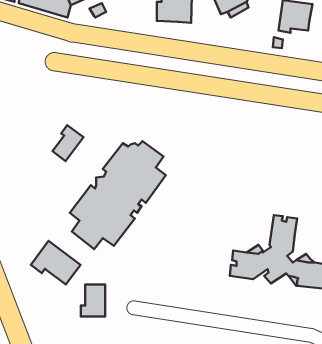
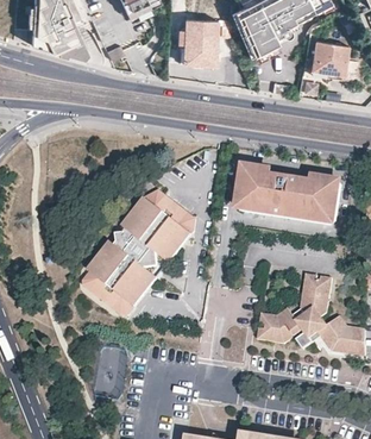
building: none -> [234,165,341,225]
building: [52,125,83,161] -> none
building: [31,241,81,284] -> none

